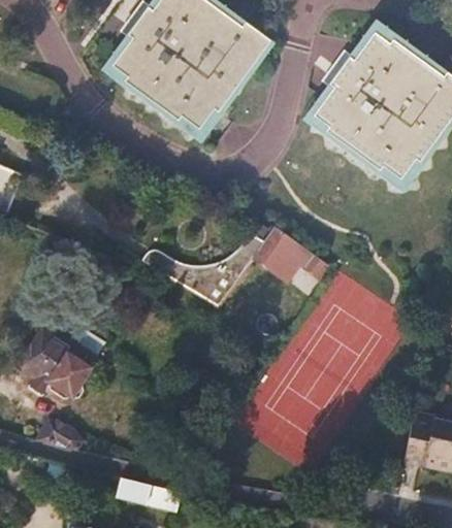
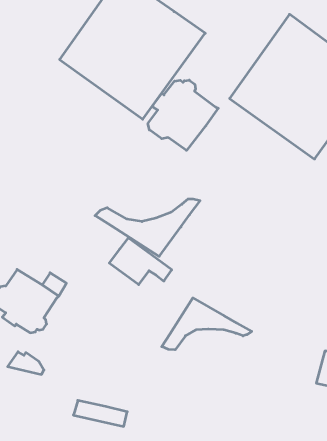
building: none -> [148,80,218,150]
building: [254,228,328,284] -> [109,238,172,285]
building: none -> [162,298,252,350]

